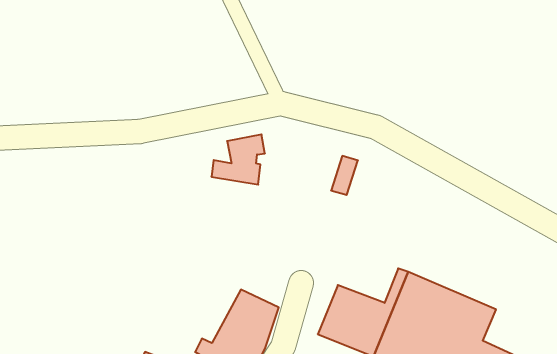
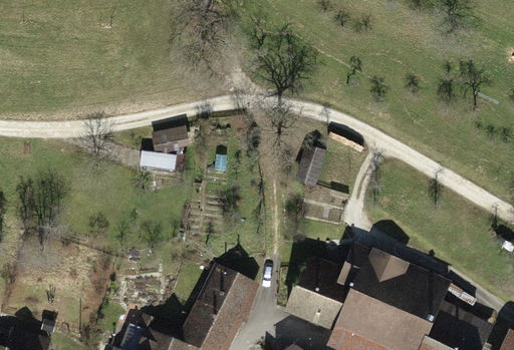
building: [211,134,265,185] -> [140,126,188,171]

